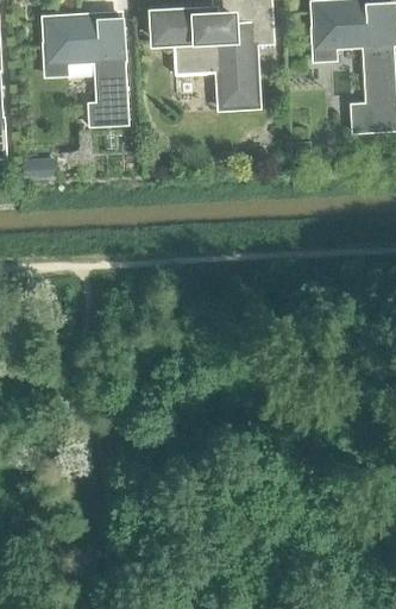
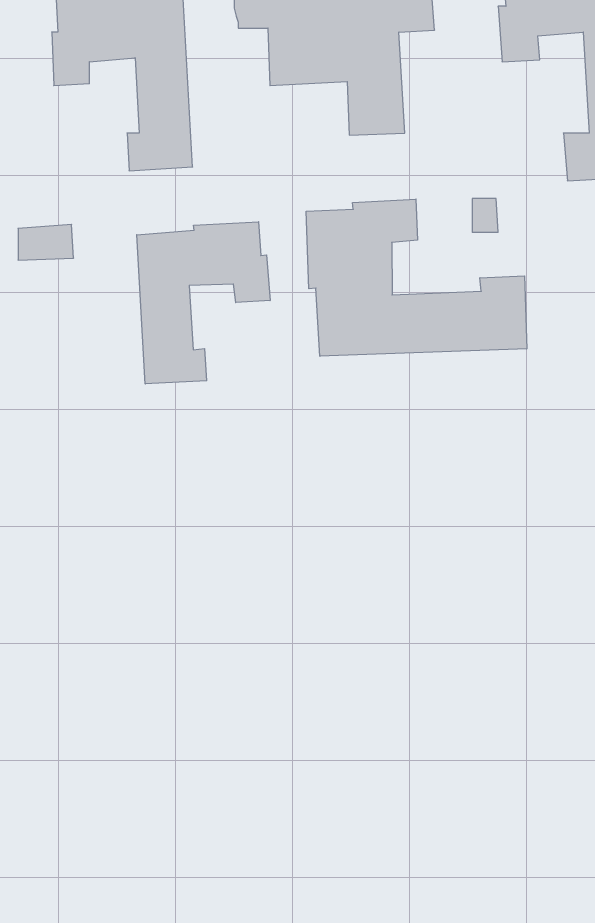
building: none -> [306,199,527,356]
building: none -> [137,222,270,384]

